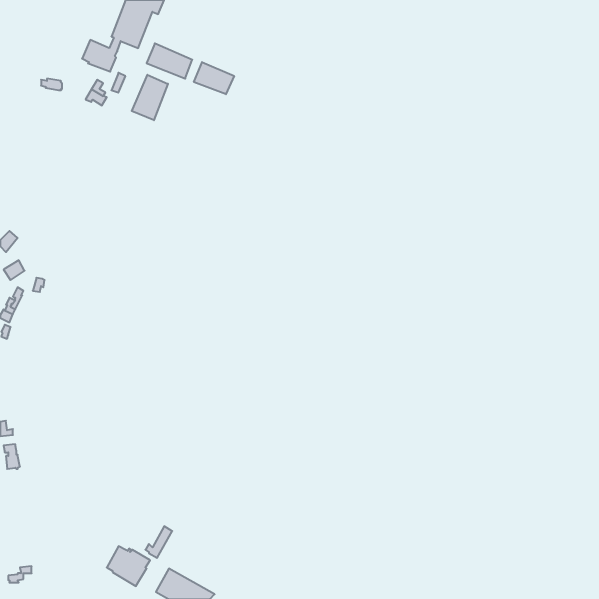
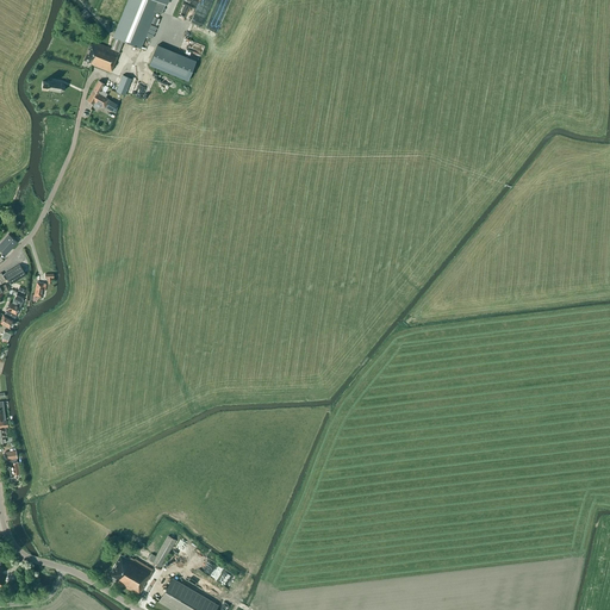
building: [194,62,234,94] -> none
building: [132,75,168,120] -> none

